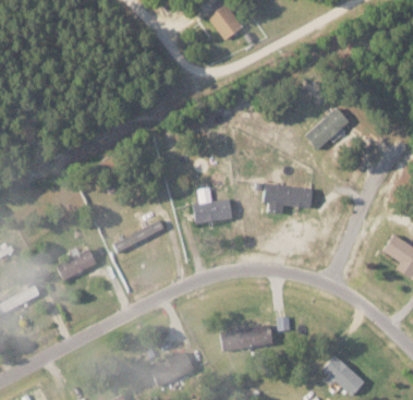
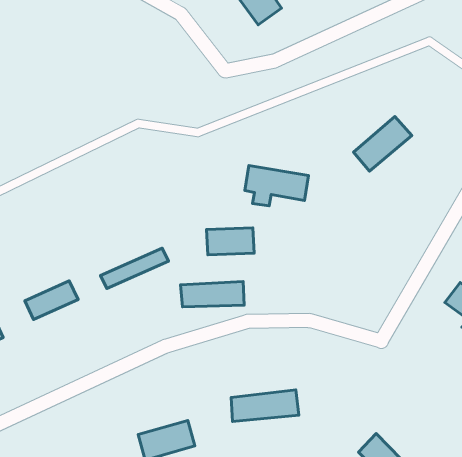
building: [263,183,312,214] -> [245,165,309,206]
building: none -> [181,282,244,307]

